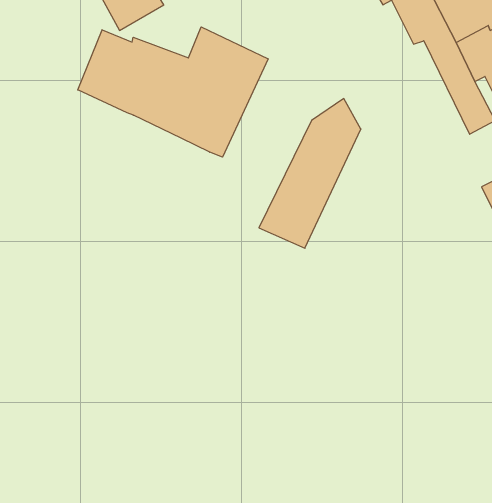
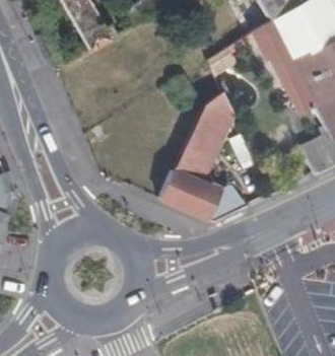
building: [78,27,268,157] -> none
building: none -> [157,167,246,219]

